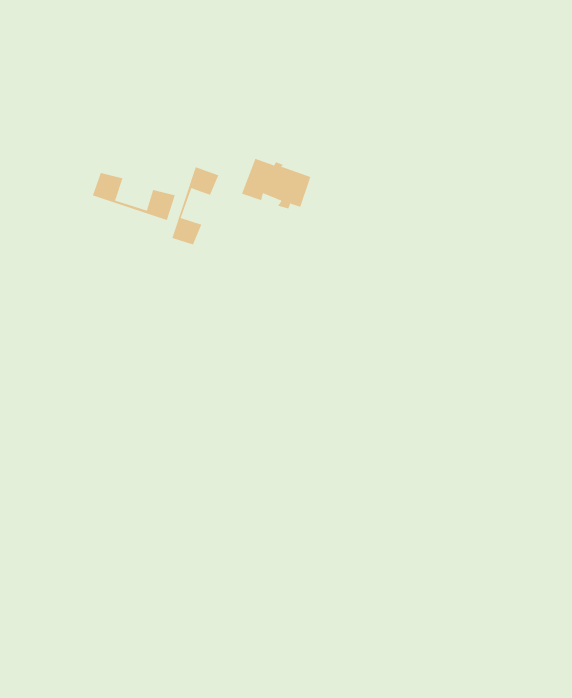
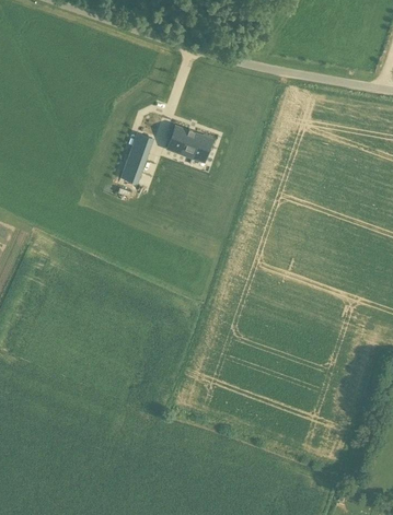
building: [92,172,175,221] -> none

